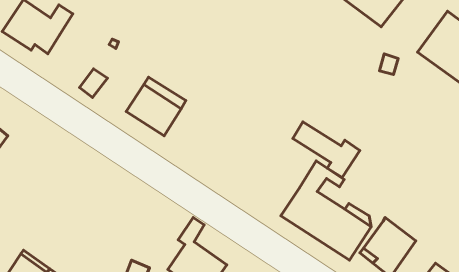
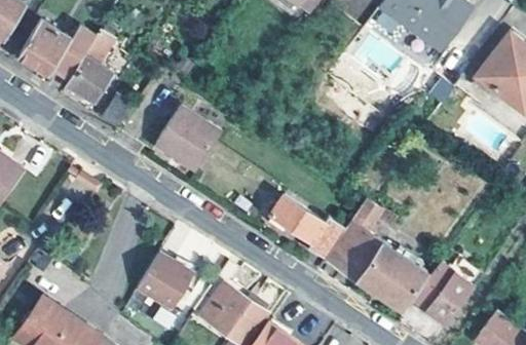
building: none -> [68,32,114,103]
building: [293,122,360,177] -> [271,196,345,258]
building: none -> [136,252,192,310]

